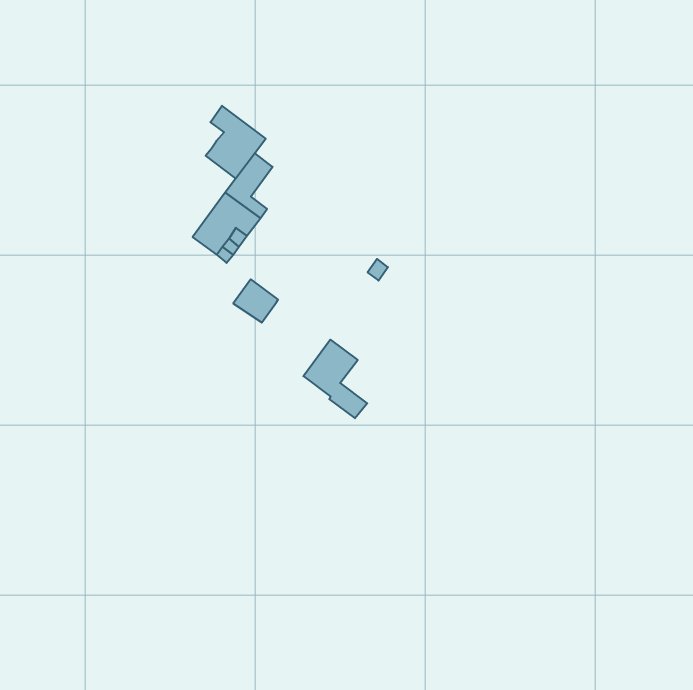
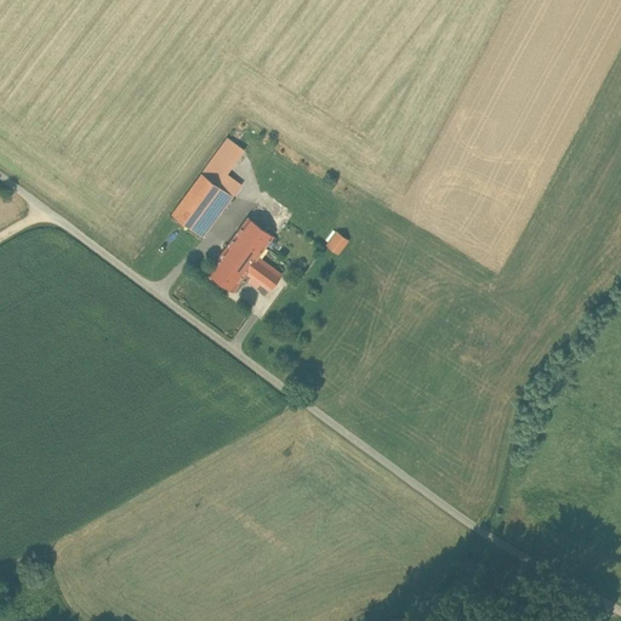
building: [206,106,266,178] -> none
building: [303,340,367,418] -> [224,220,281,290]

